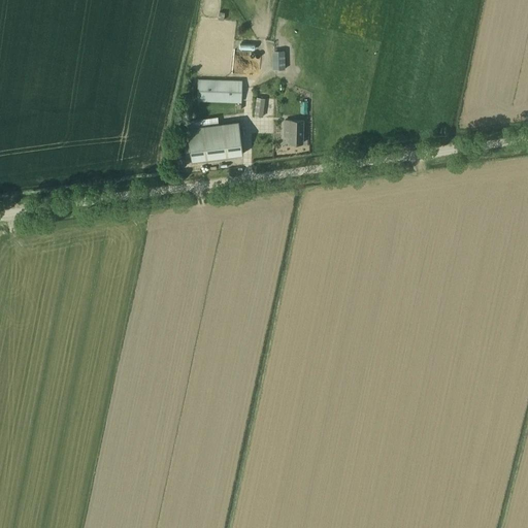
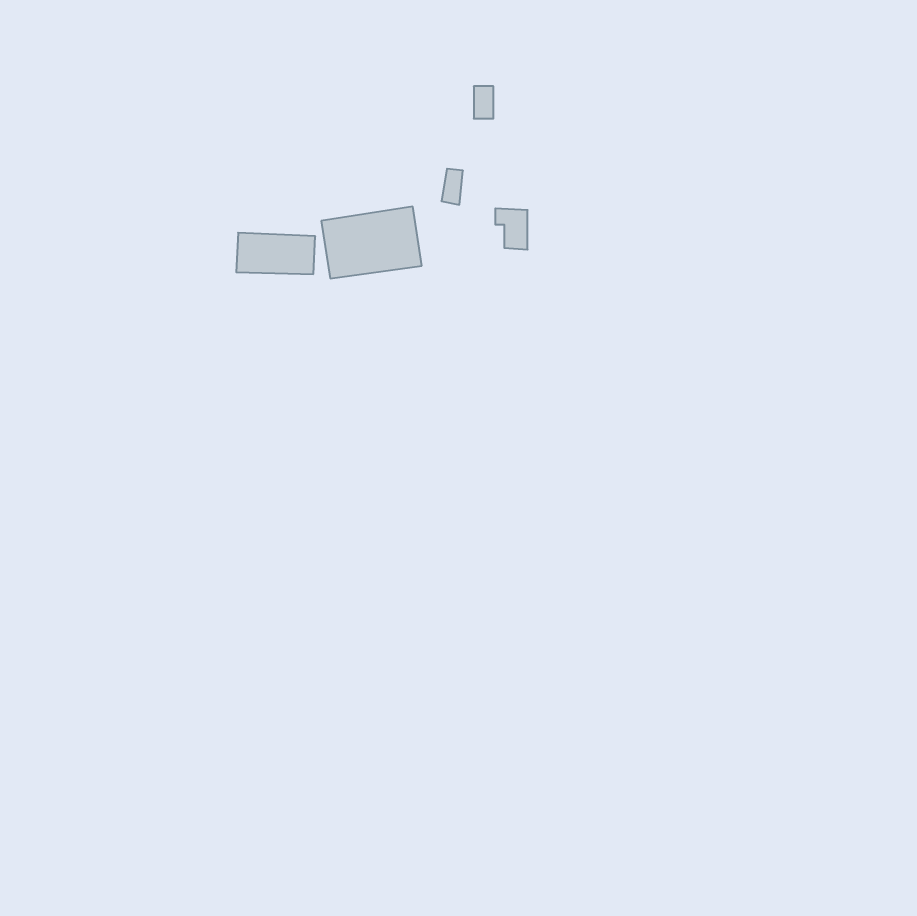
building: [197,79,242,103] -> [236,233,315,274]

